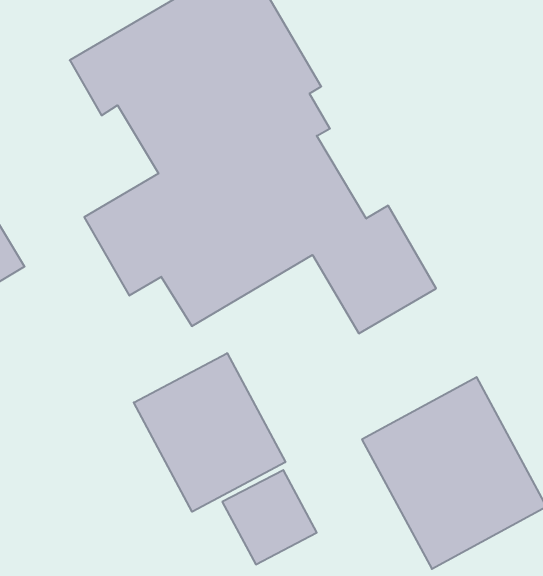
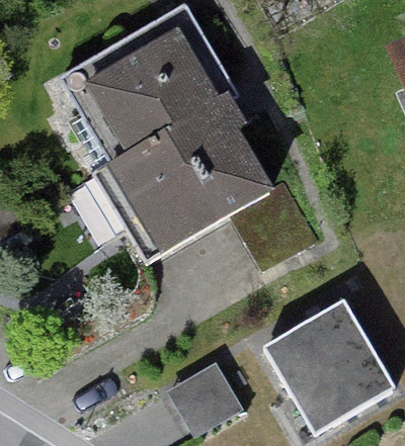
building: [134,353,285,512] -> none

